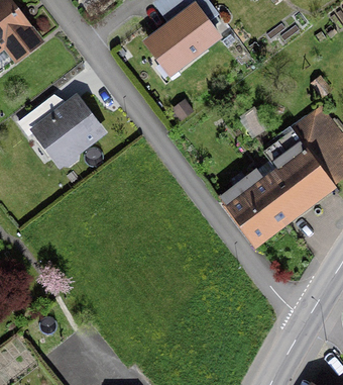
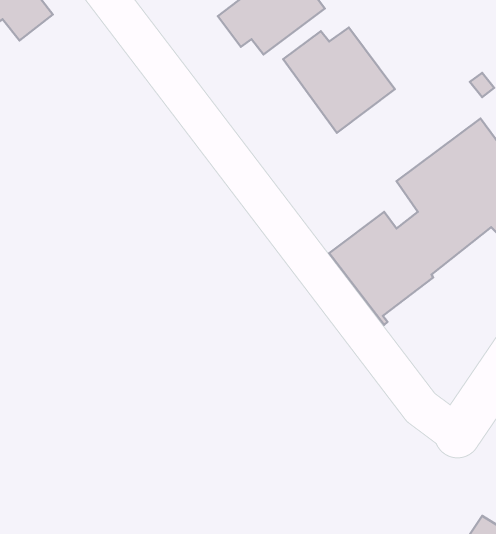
building: none -> [283,27,395,133]
building: [18,99,100,163] -> none

